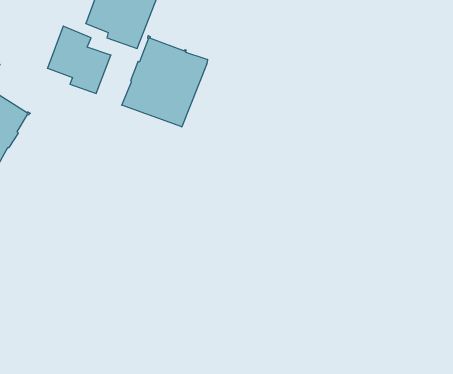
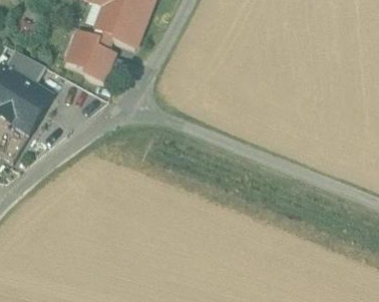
building: [122,36,208,127] -> none

